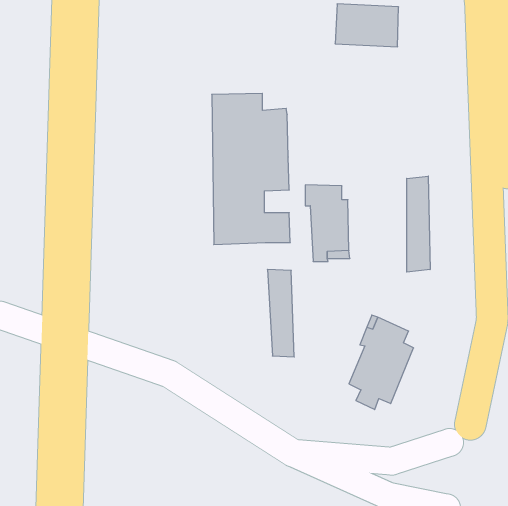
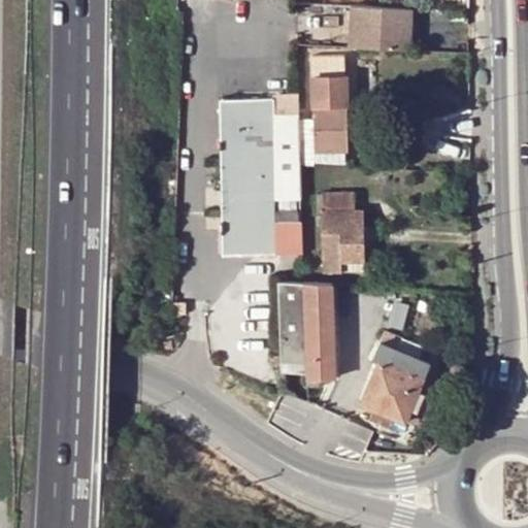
building: none -> [298,56,348,165]
building: [407,176,430,272] -> none
building: none -> [302,283,336,380]

